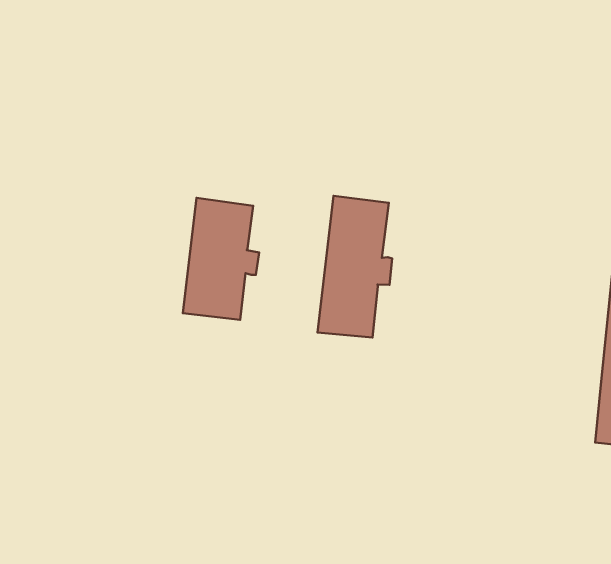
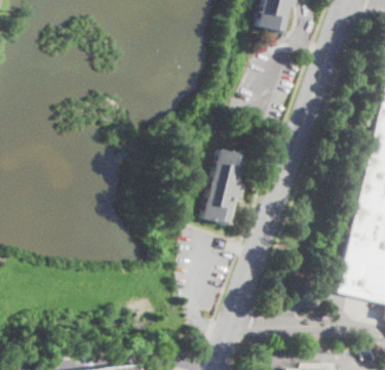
building: [183,198,259,320] -> none

